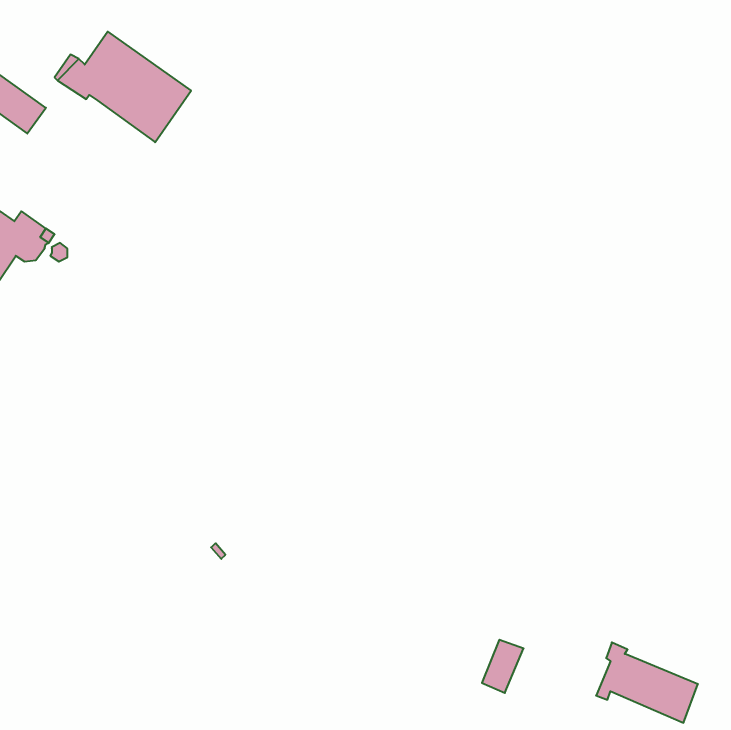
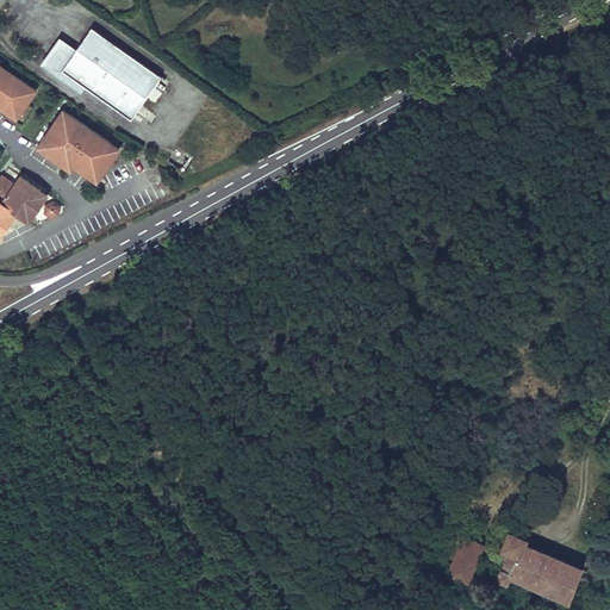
building: none -> [43,107,124,179]
building: [482,640,524,693] -> [446,540,480,584]

